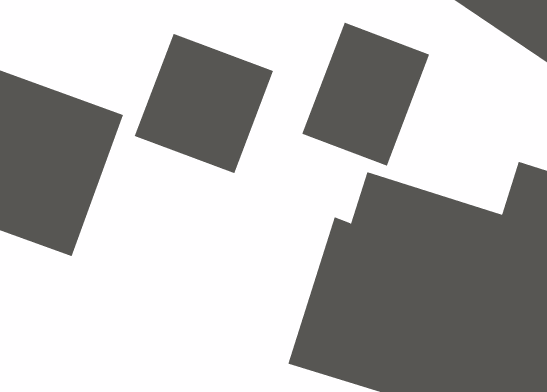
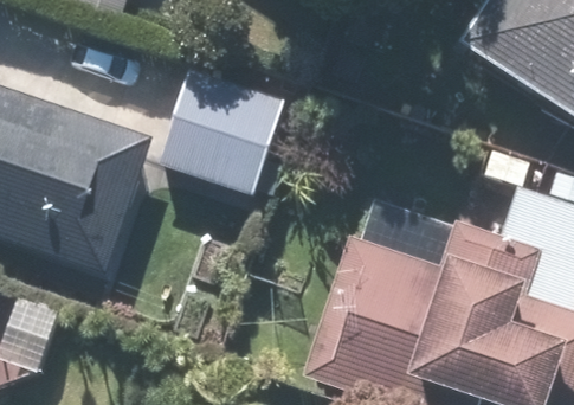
building: [302,22,430,166] -> none

